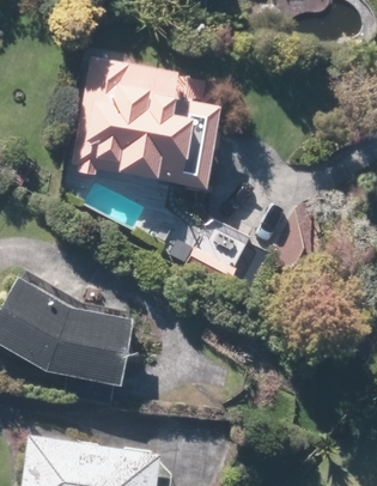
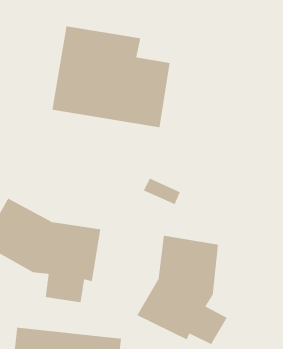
building: none -> [136,235,228,345]

